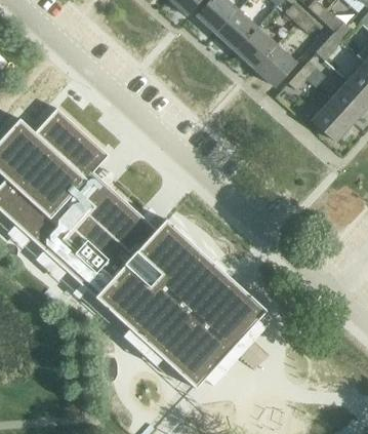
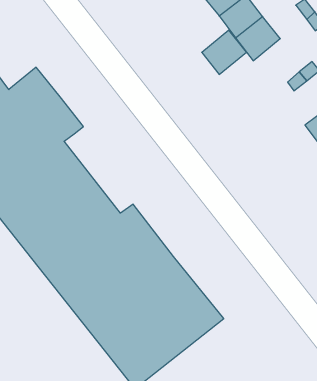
building: [254,45,295,87] -> [202,30,246,74]

